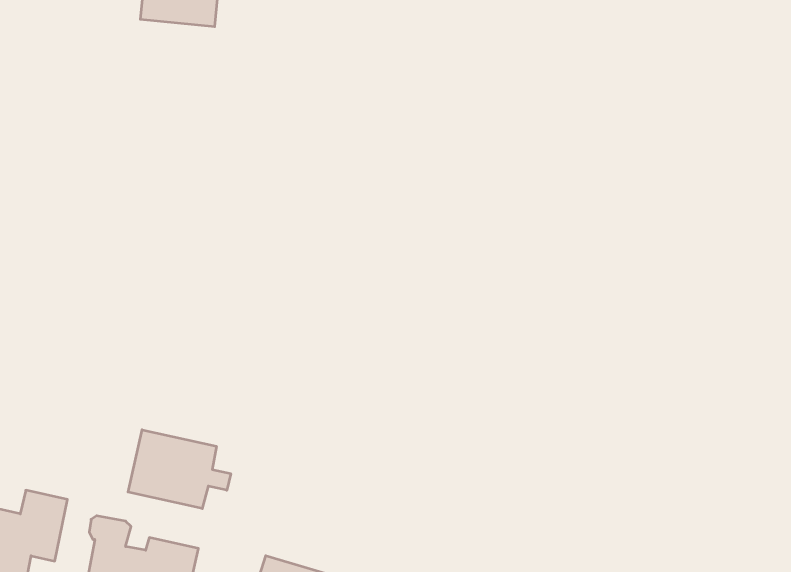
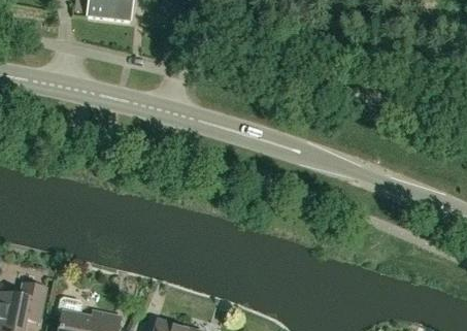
building: [128,430,231,509] -> none

